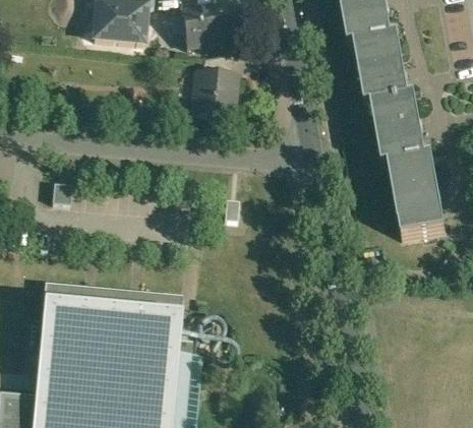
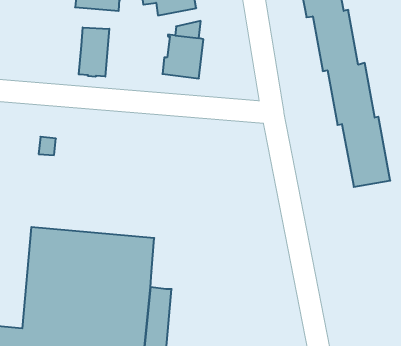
building: none -> [79,27,109,77]

